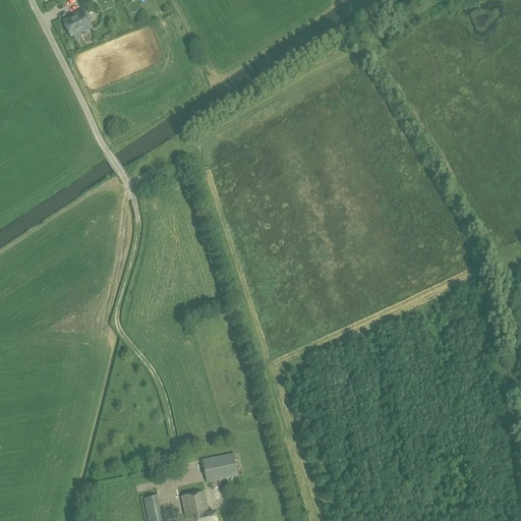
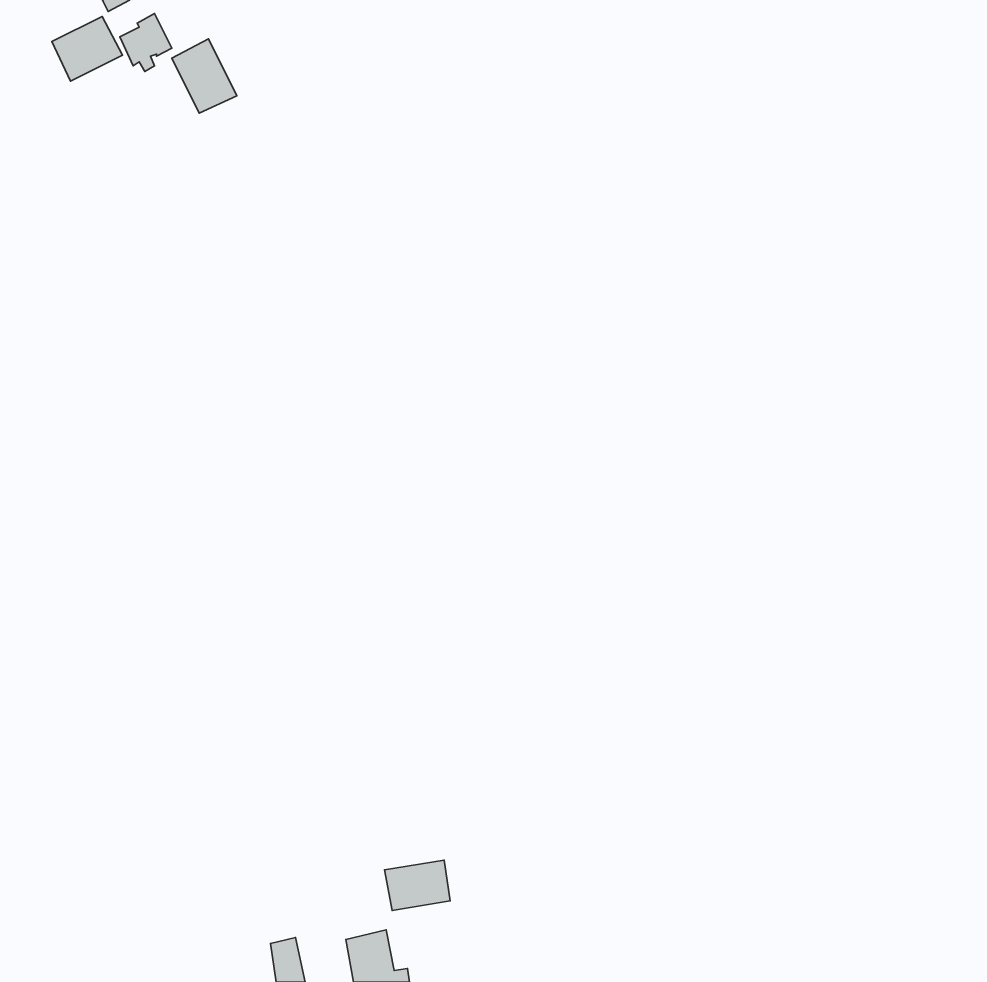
building: none -> [52,17,122,81]
building: none -> [172,39,237,113]

